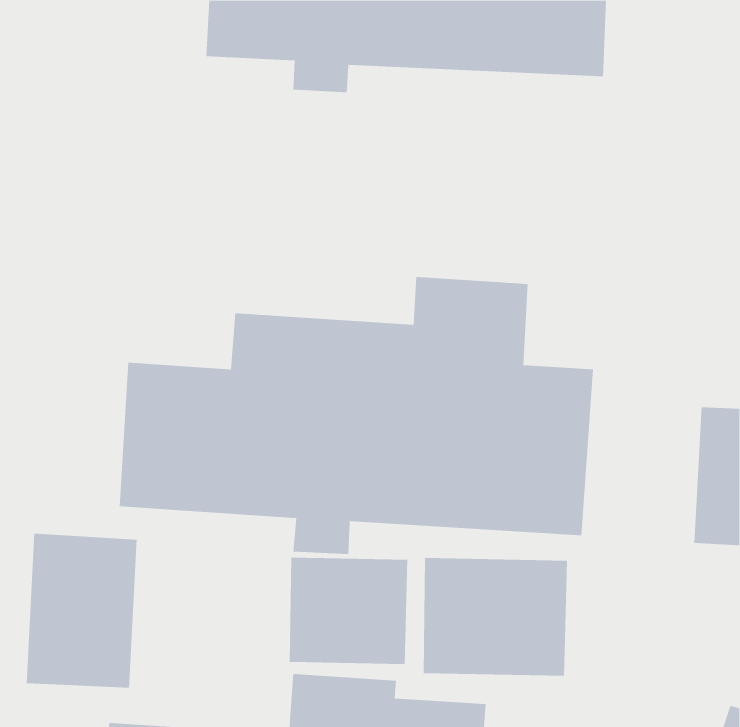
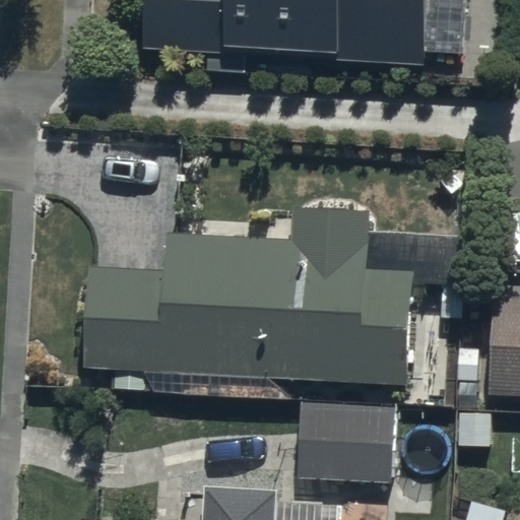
building: [26,533,137,688] -> none
building: [289,557,408,665] -> none

